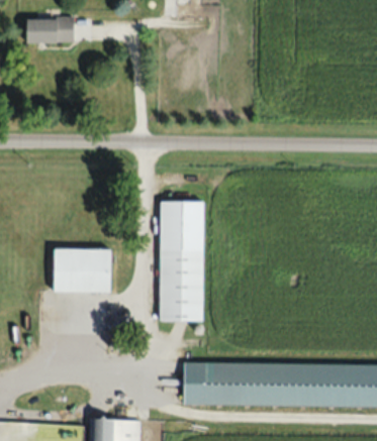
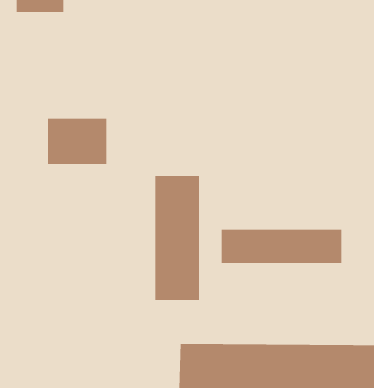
building: [54,248,111,293] -> [47,118,107,165]
building: none -> [221,229,342,264]

